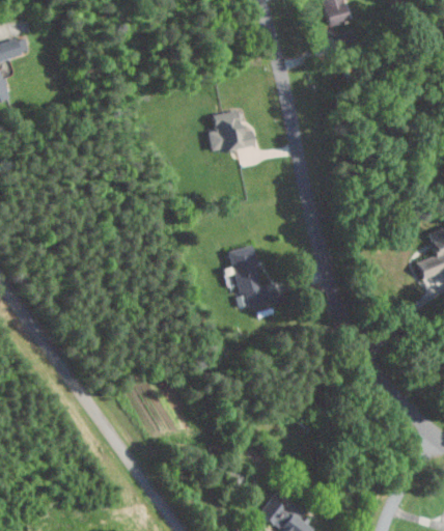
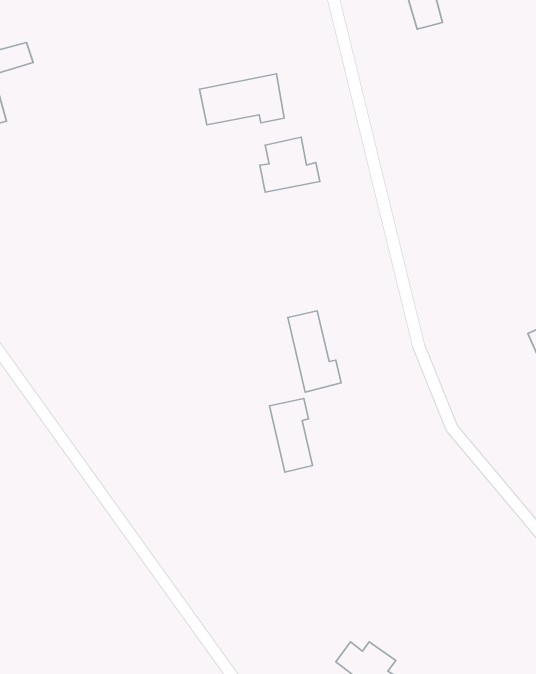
building: none -> [199,74,284,125]
building: none -> [269,399,312,472]

